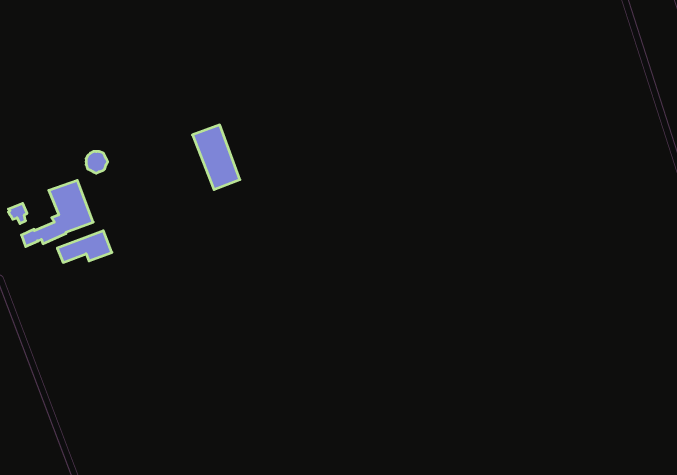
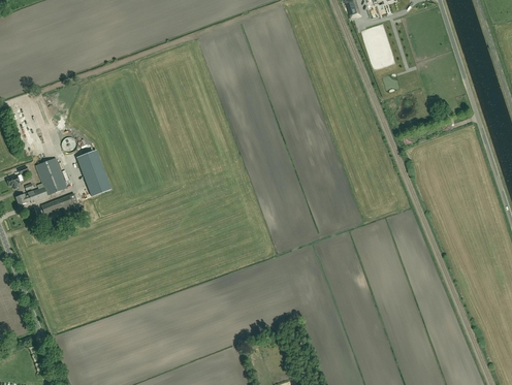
building: [192,125,240,190] -> [76,150,110,196]

